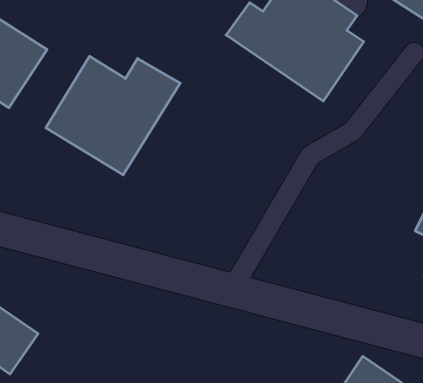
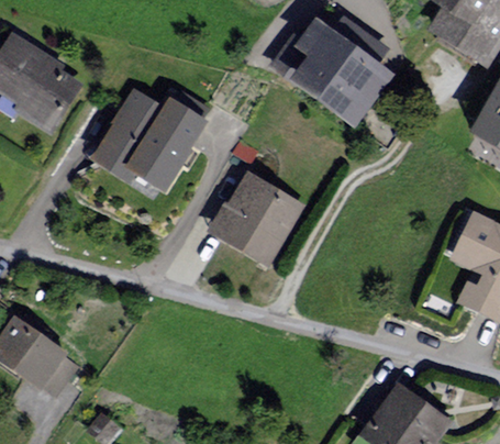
building: none -> [208,169,305,267]

